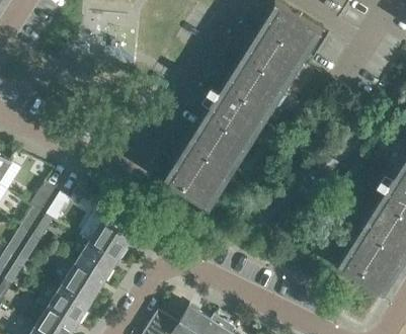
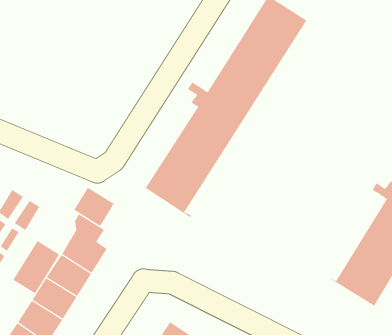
building: none -> [73,187,115,227]
building: none -> [13,240,60,294]

